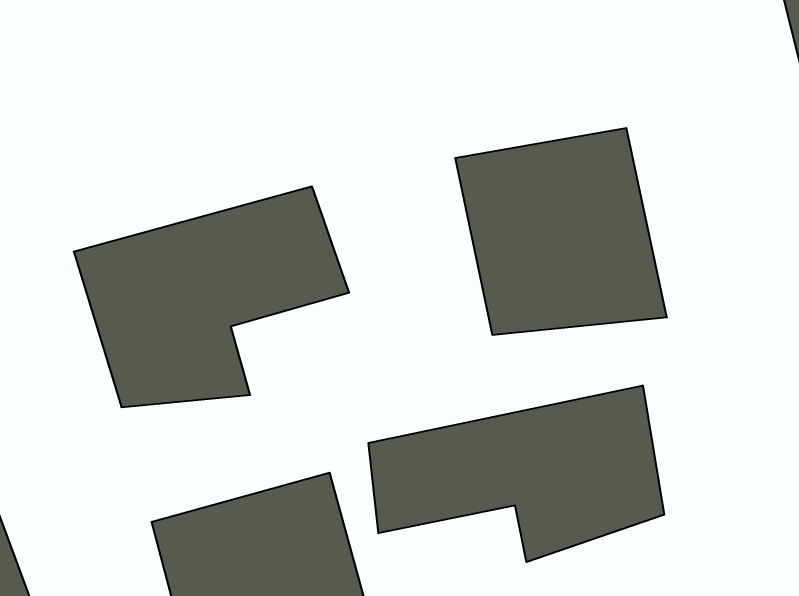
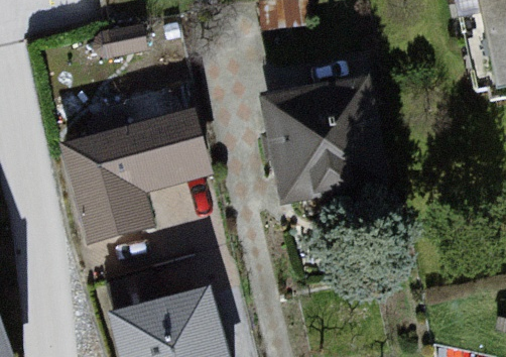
building: [369,385,664,562] -> none

